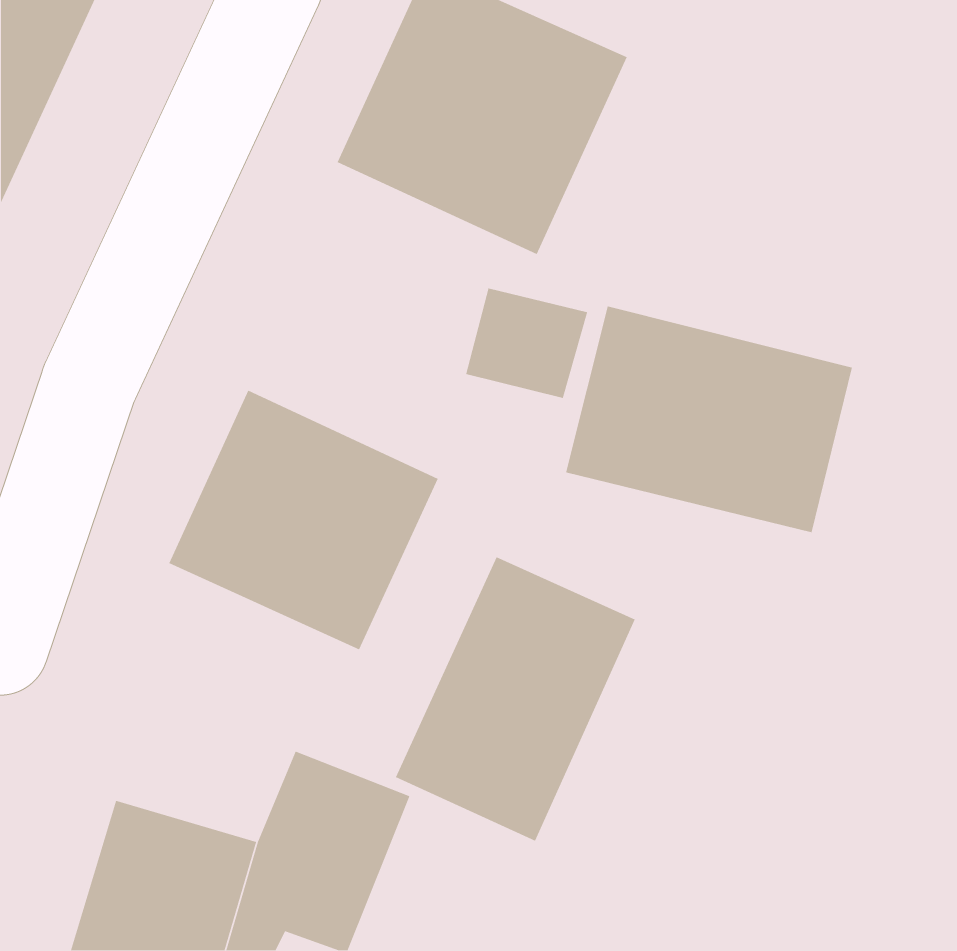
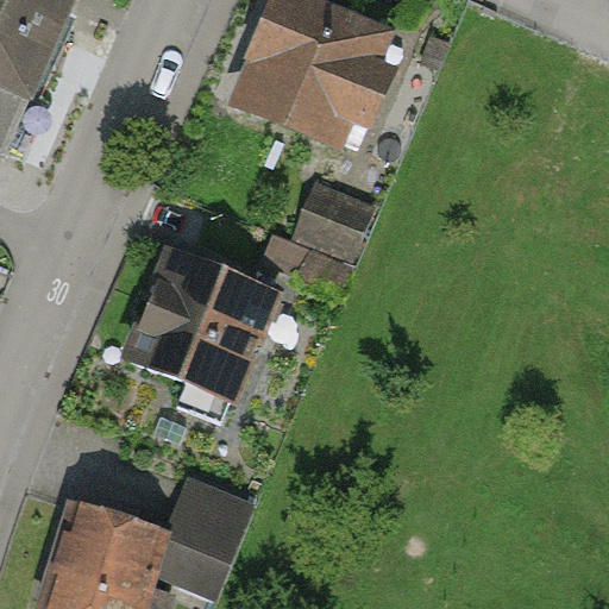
building: [565,305,853,533] -> none
building: [395,556,636,842] -> none

